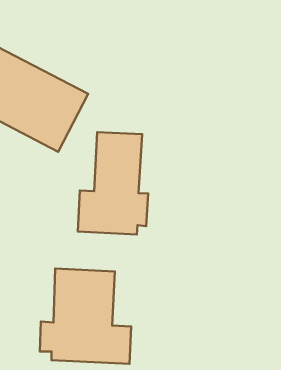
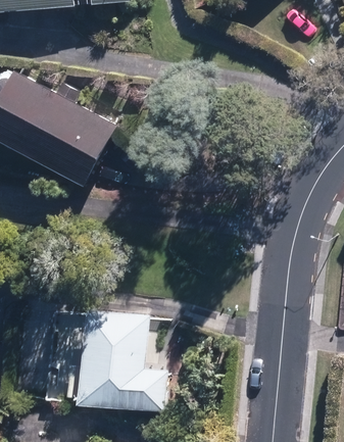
building: [78,132,148,234] -> none

